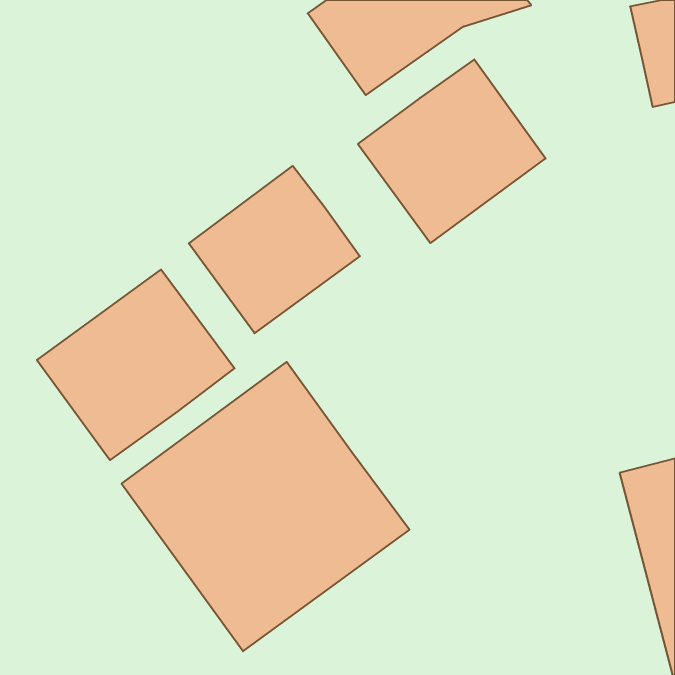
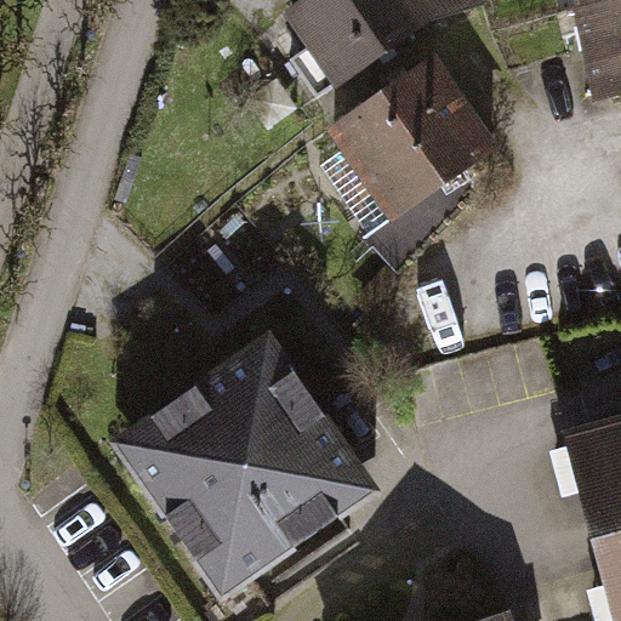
building: [189,166,360,333] -> none
building: [37,270,235,460] -> none

